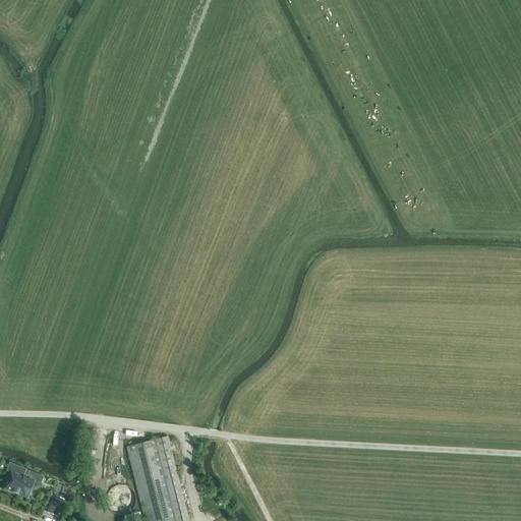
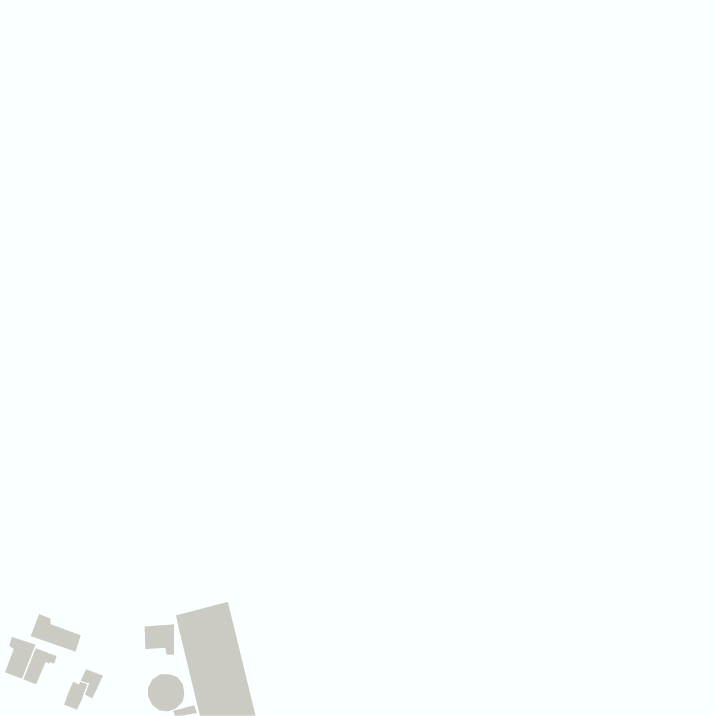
building: none -> [30,613,82,653]
building: none -> [144,623,174,656]

